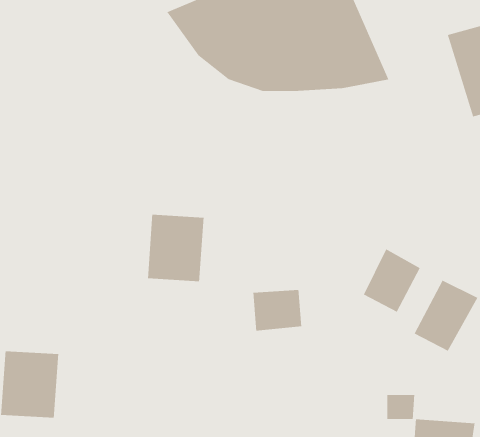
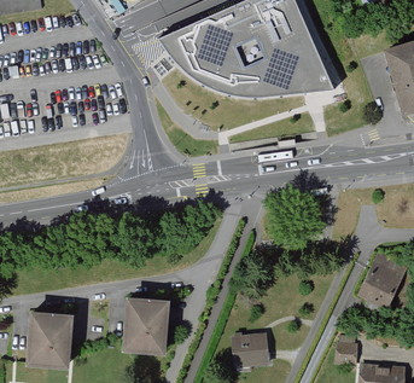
building: [147,214,204,282] -> [123,289,169,343]
building: [363,248,421,313] -> none
building: [252,289,302,331] -> [232,329,272,362]

